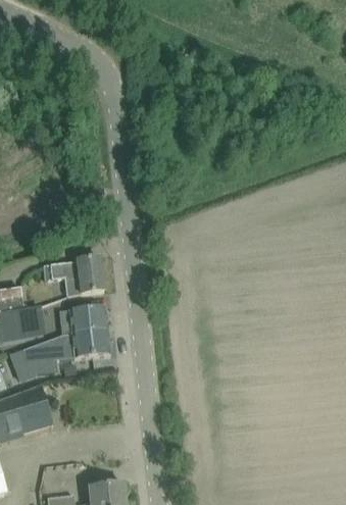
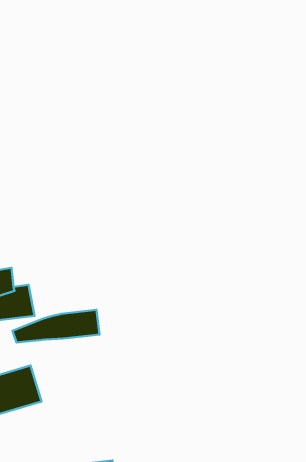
building: [44,259,104,298] -> none
building: [60,308,108,337] -> none

